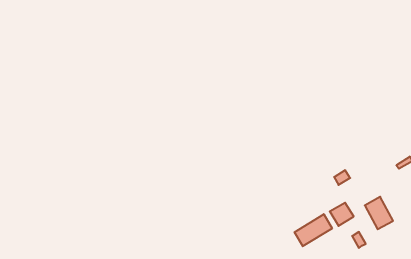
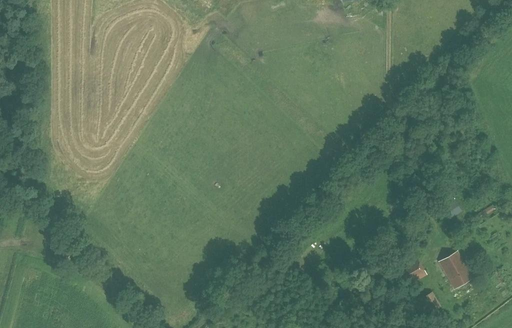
building: [295,214,332,246] -> none

